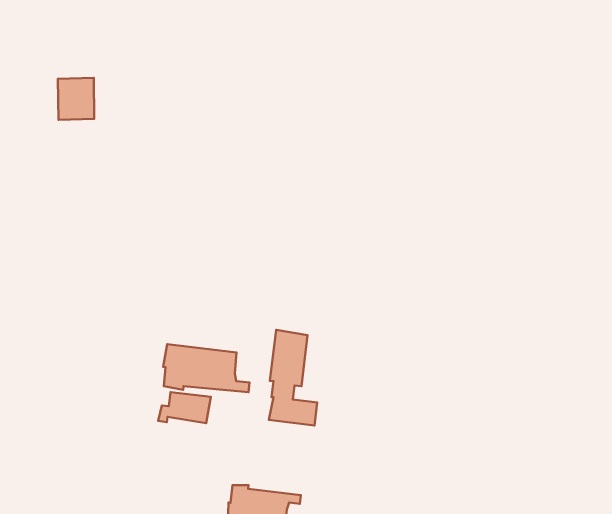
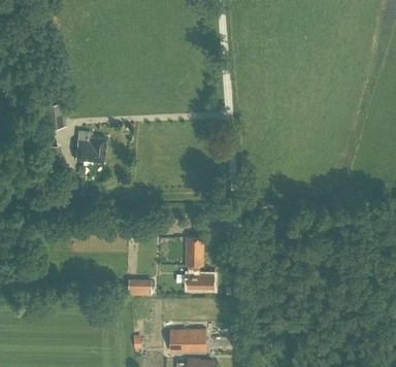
building: none -> [75,136,106,164]
building: [163,344,249,392] -> none

